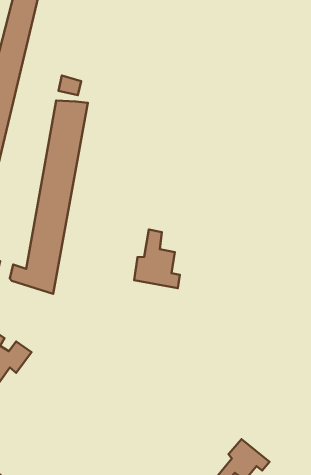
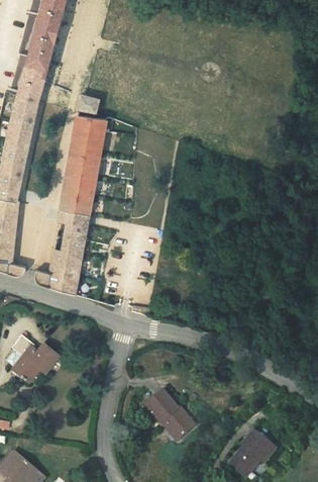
building: [134,229,180,288] -> none
building: none -> [145,390,194,439]

